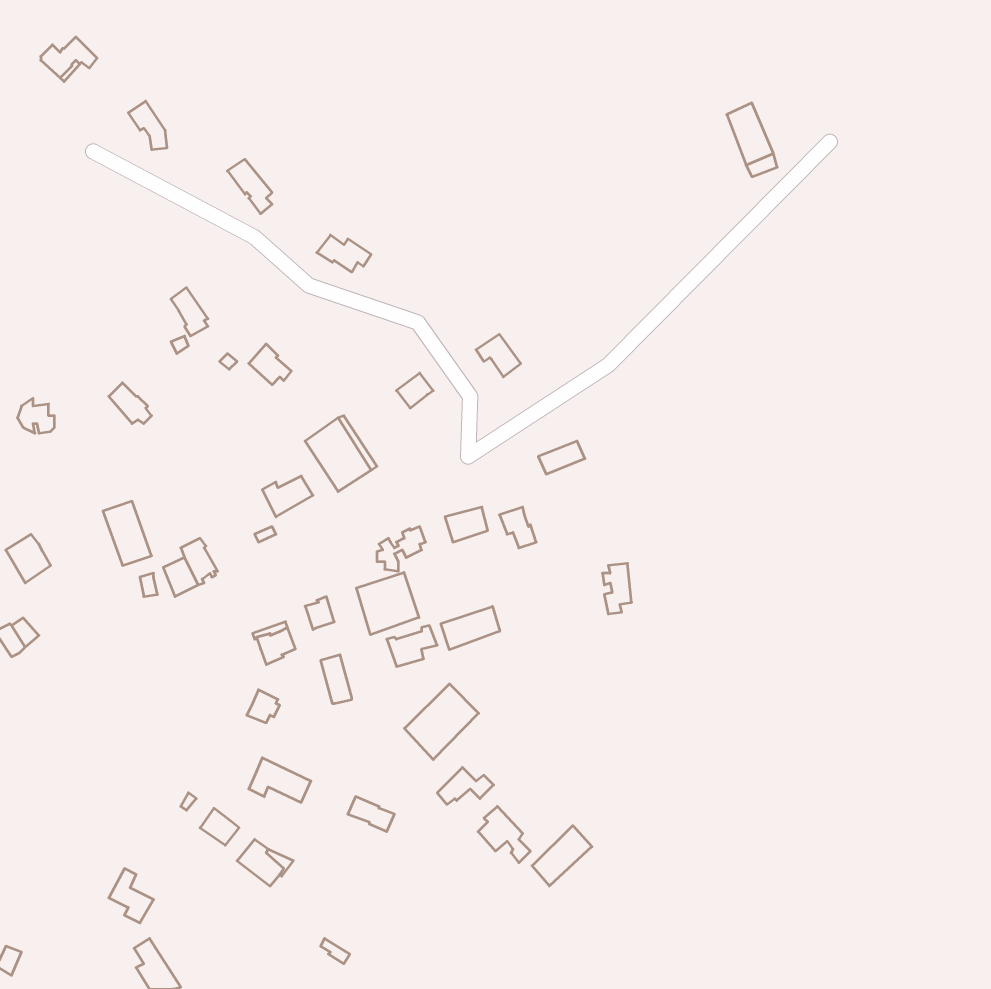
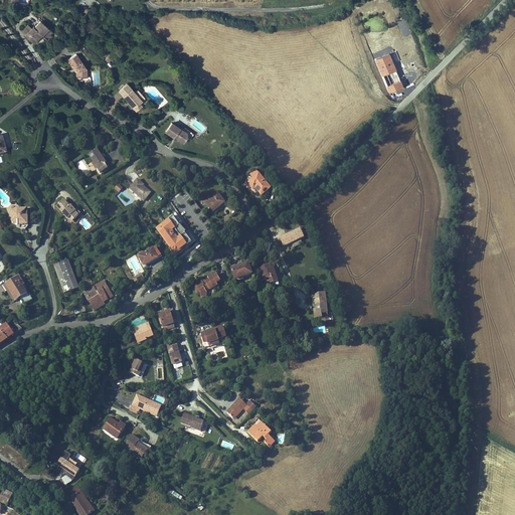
building: [356,572,419,635] -> none
building: [441,606,500,650] -> none
building: [404,684,479,760] -> none
building: [532,826,592,886] -> none

